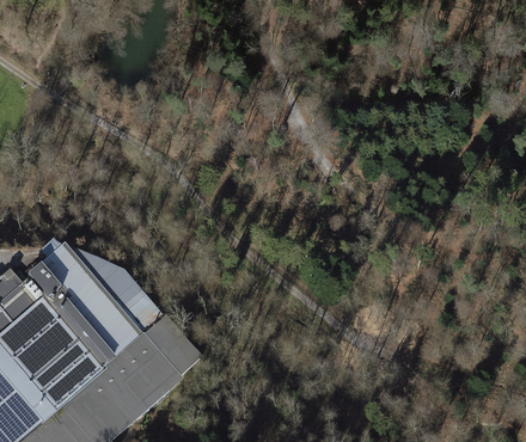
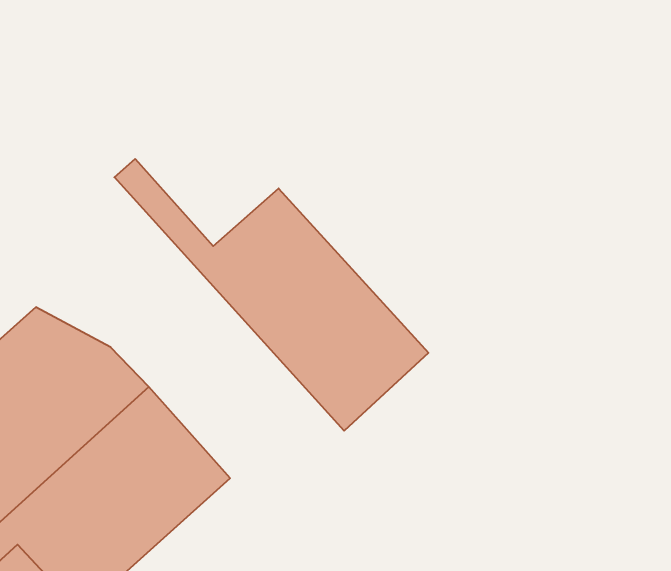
building: none -> [114,159,428,431]

